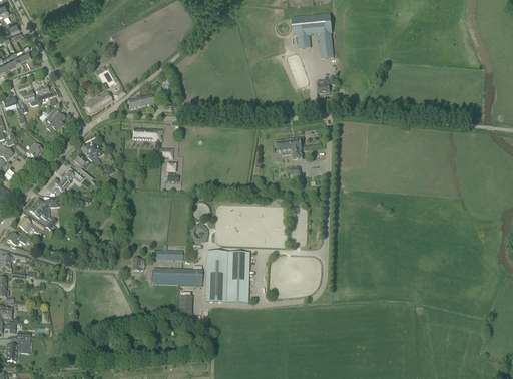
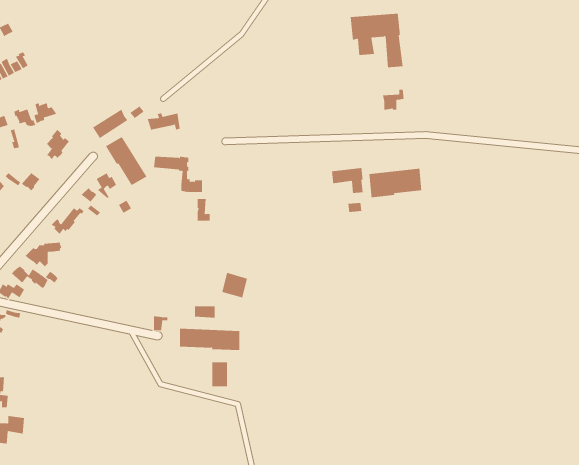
building: none -> [105,136,147,186]
building: none -> [369,168,422,198]
building: [203,251,248,302] -> none

